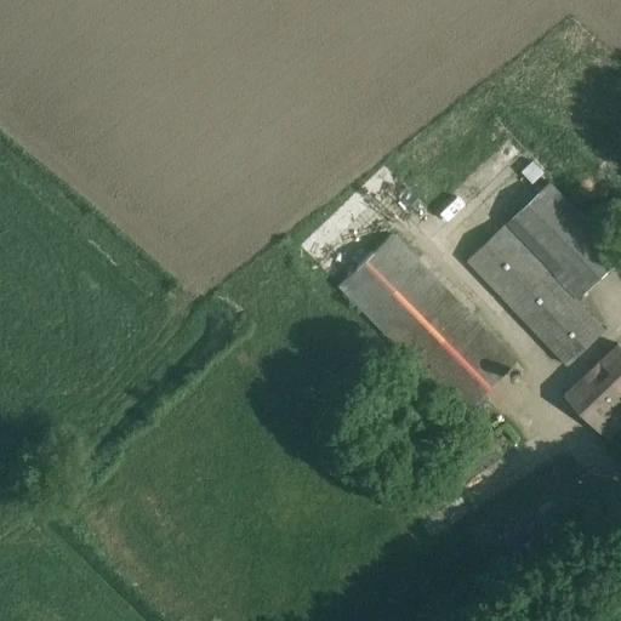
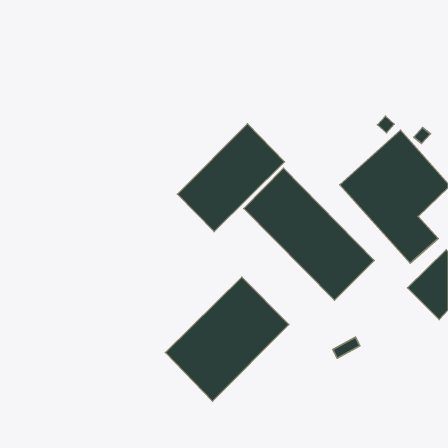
building: none -> [177,124,284,231]
building: none -> [166,277,289,401]

